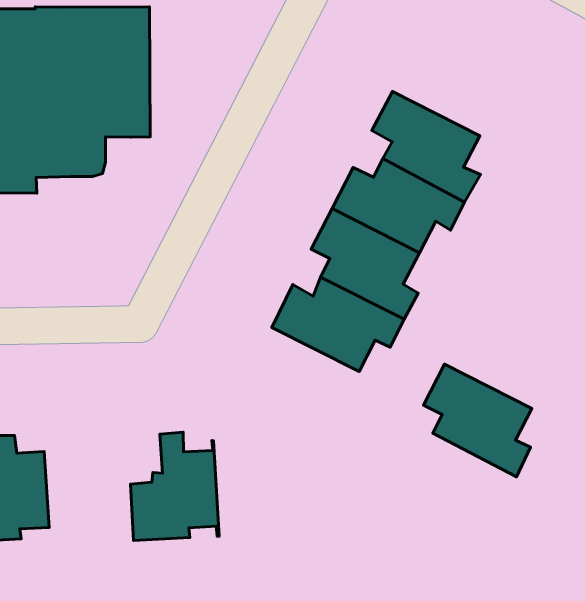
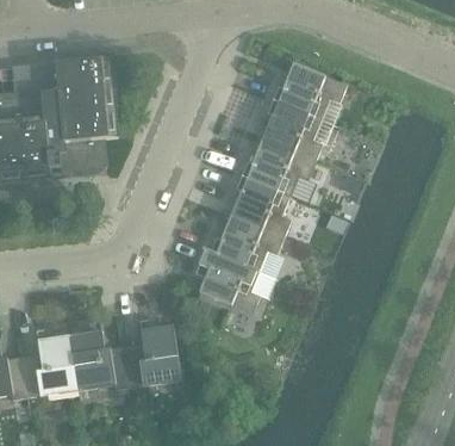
building: none -> [264,62,347,119]
building: [424,364,532,477] -> [192,248,260,314]
building: none -> [69,320,129,389]

